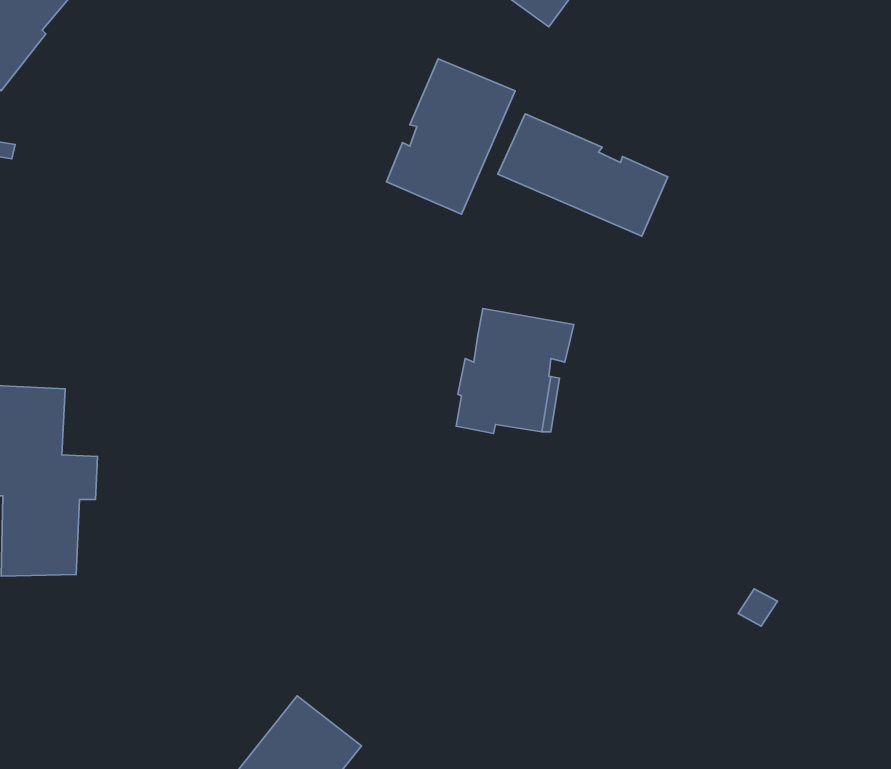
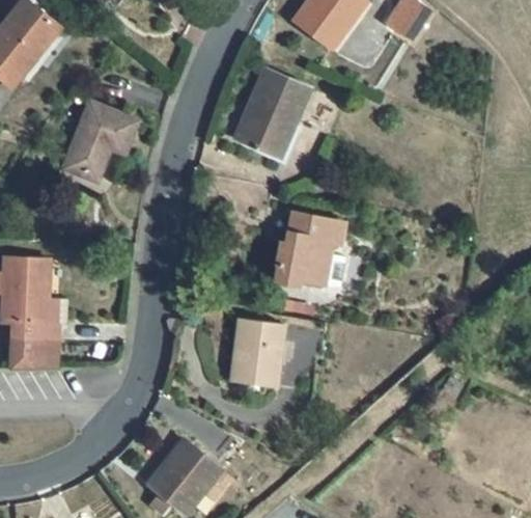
building: [498,114,668,236] -> none
building: none -> [63,103,138,182]
building: none -> [230,318,284,387]

